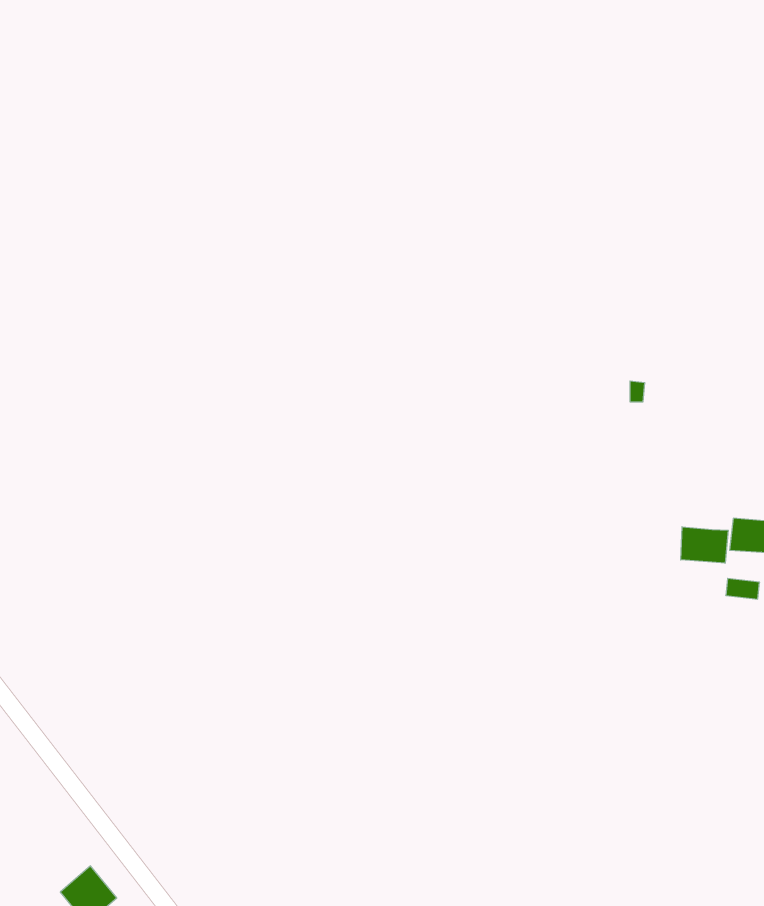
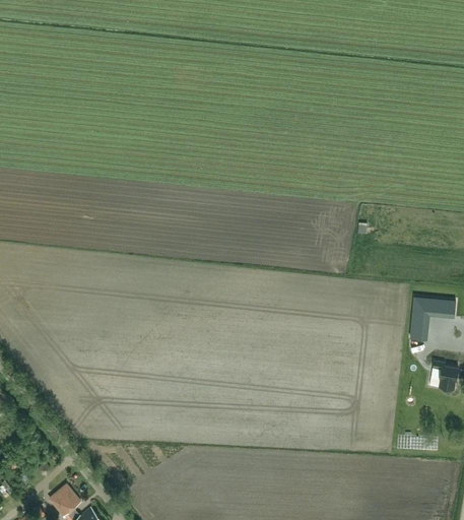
building: [681,527,728,563] -> none

